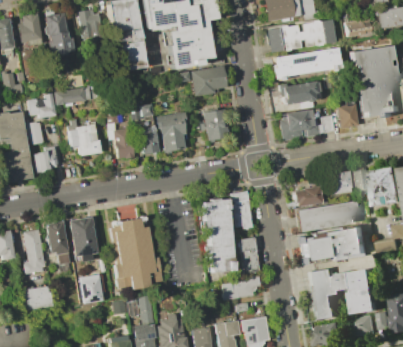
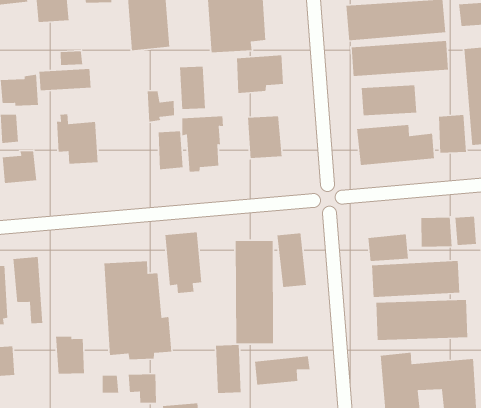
building: [115,127,136,159] -> [179,66,206,110]
building: [69,216,98,261] -> [165,231,202,294]
building: [238,237,259,273] -> [215,344,241,394]

